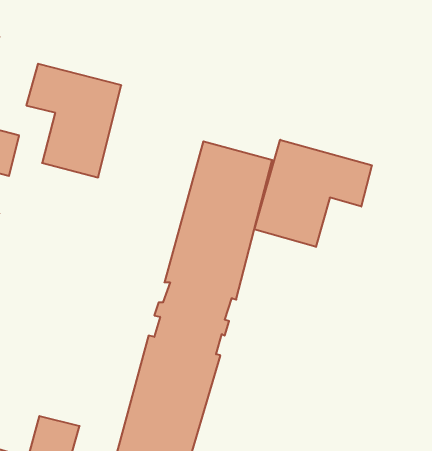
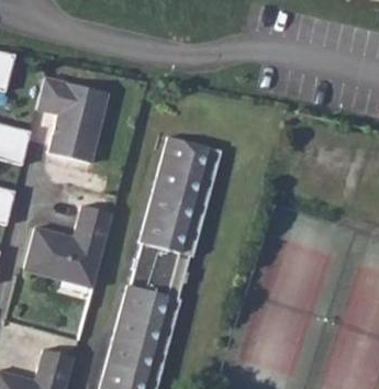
building: [254,140,372,247] -> none
building: none -> [24,202,114,286]

